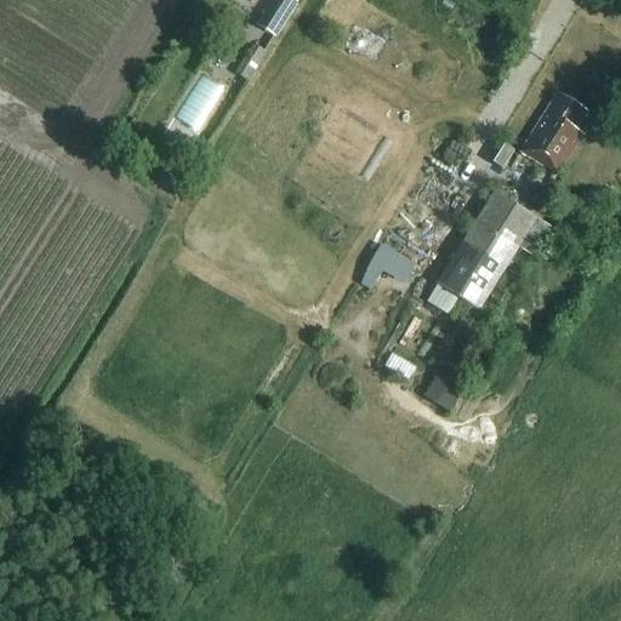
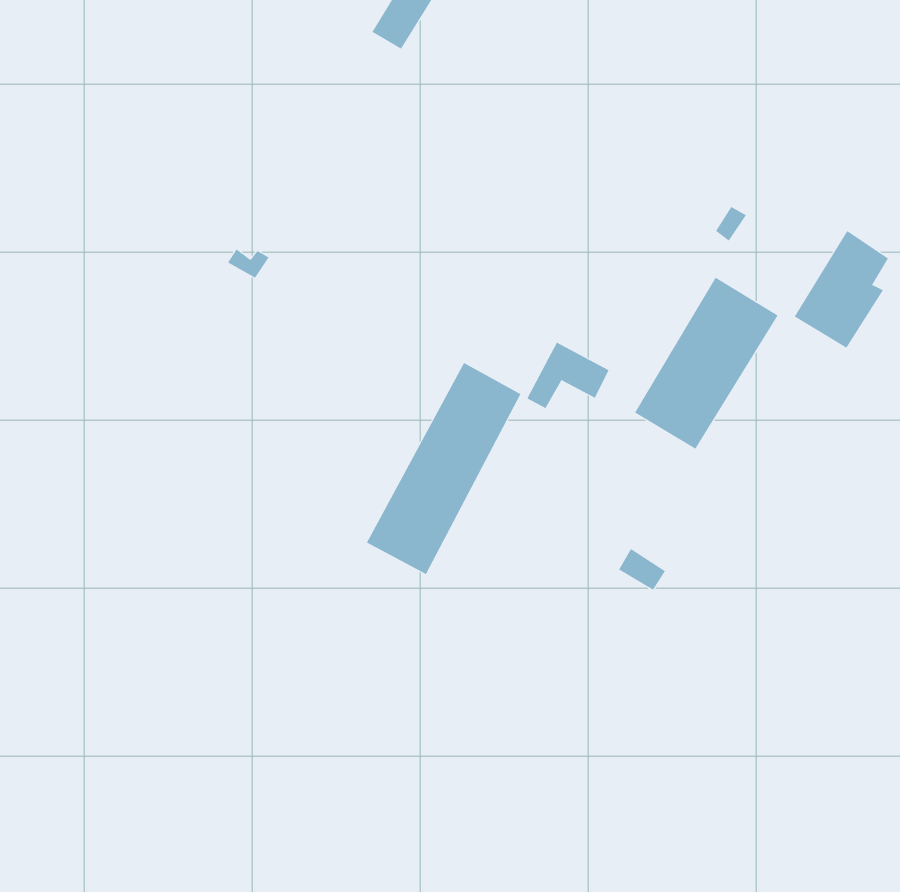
building: [522,89,587,170] -> [794,230,889,348]
building: none -> [366,362,521,575]

